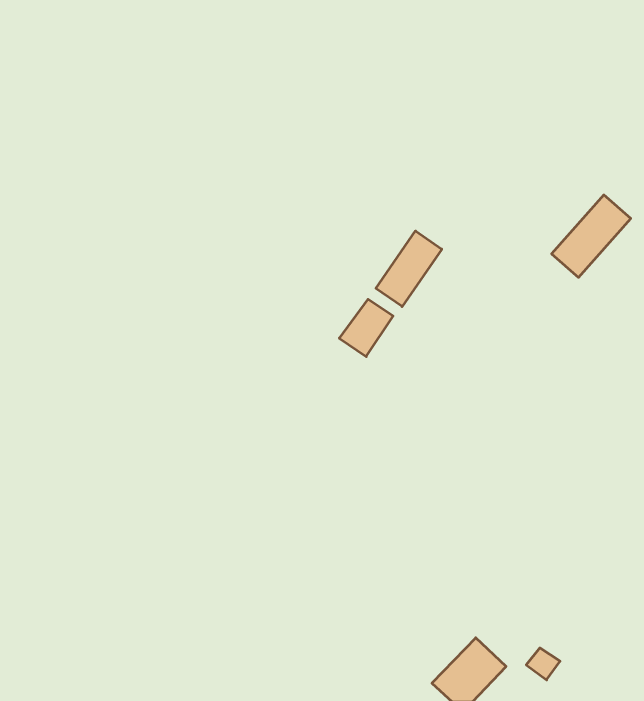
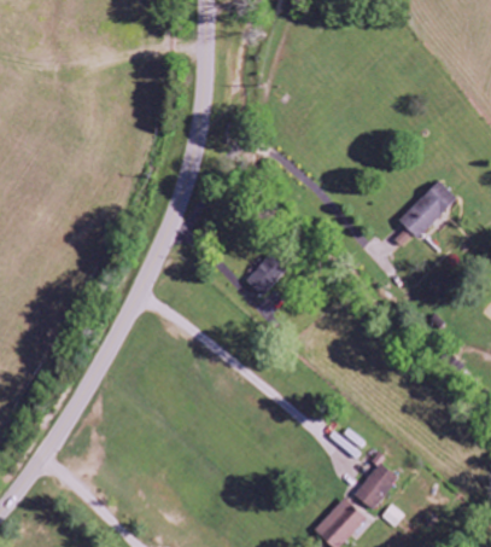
building: [376,231,442,307] -> none
building: none -> [355,462,399,511]

